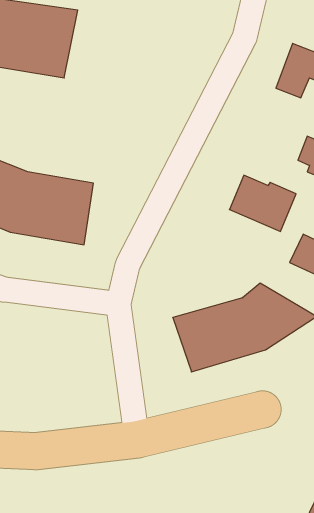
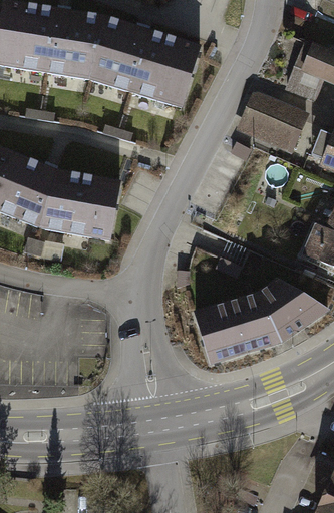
building: none -> [87,13,196,104]
building: [229,175,296,231] -> [242,98,306,152]

